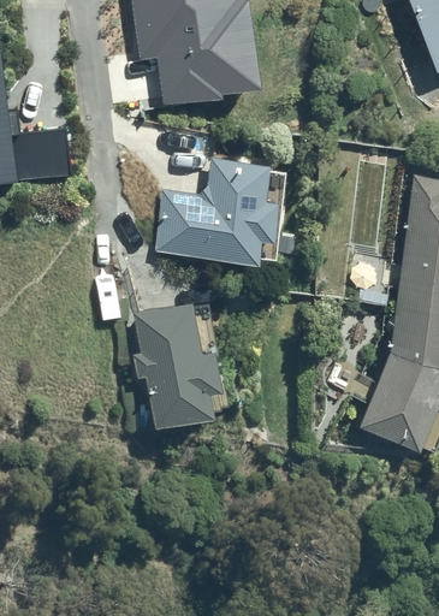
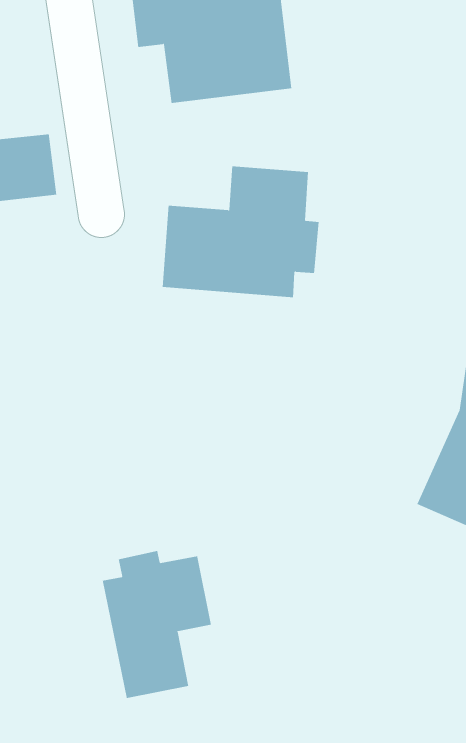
building: [132,300,226,428] -> none
building: none -> [102,550,212,699]

